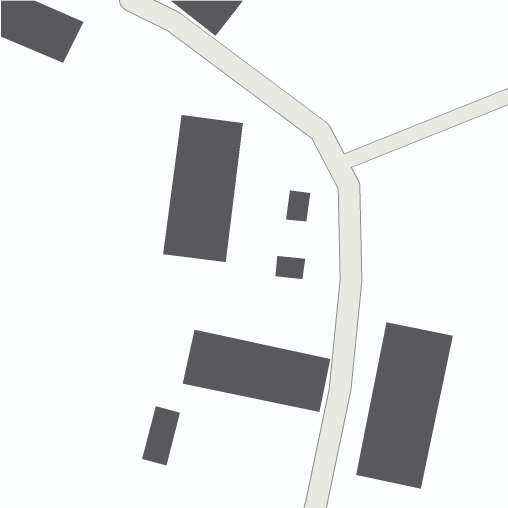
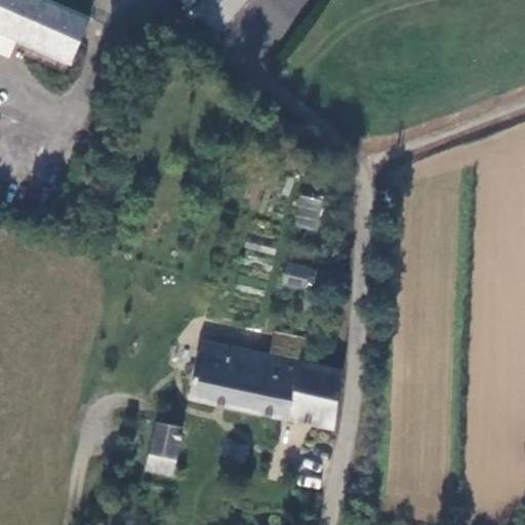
building: [162,114,244,263] -> none
building: [356,322,453,490] -> none

